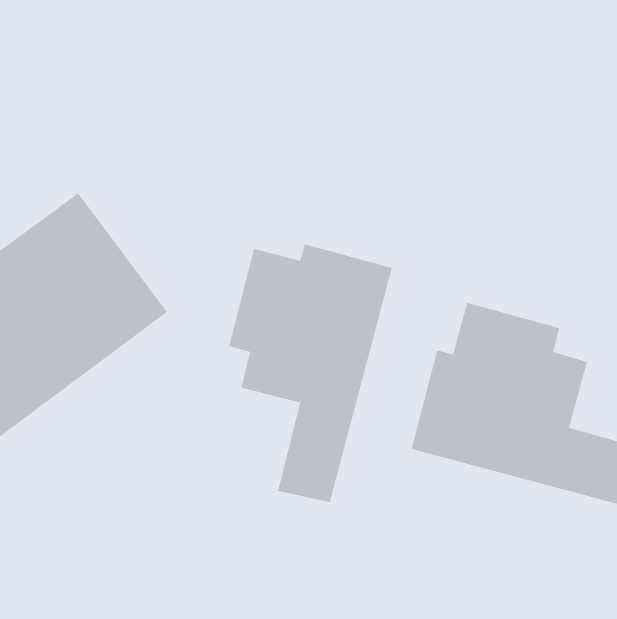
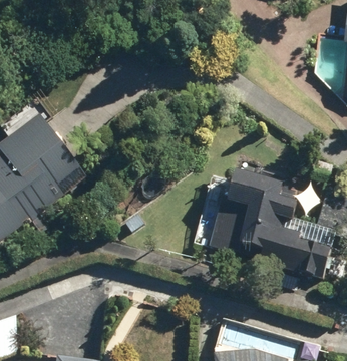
building: [229,244,393,503] -> none

